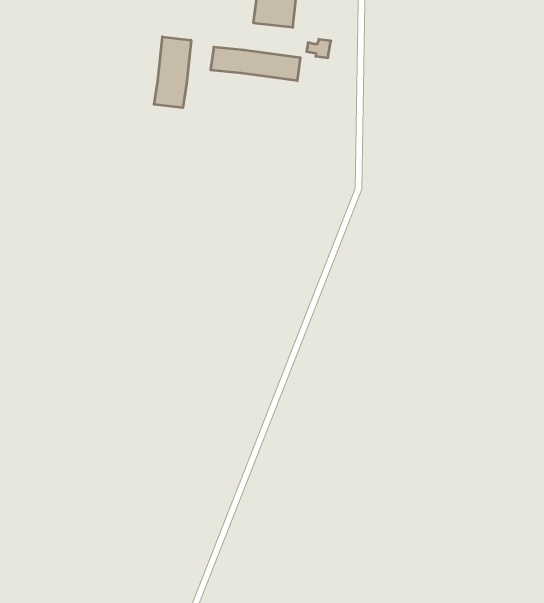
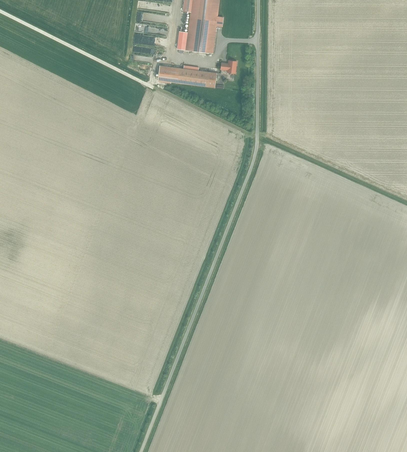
building: [154,37,191,108] -> none

